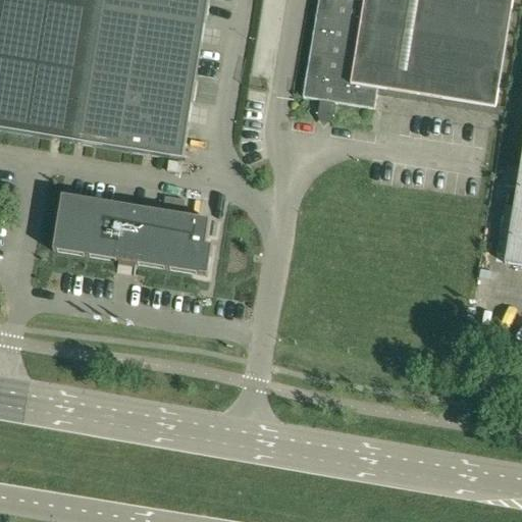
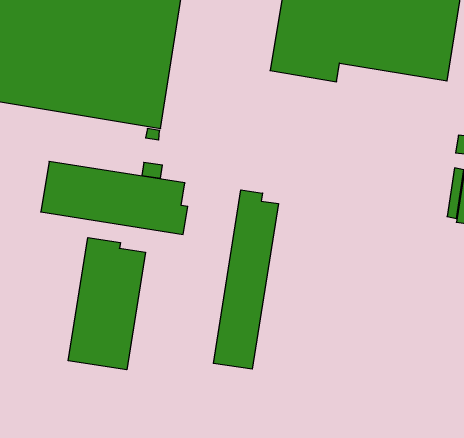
building: none -> [213,190,278,369]
building: none -> [68,238,145,370]

